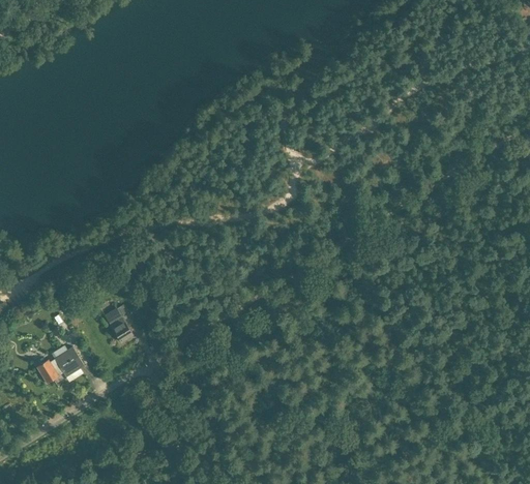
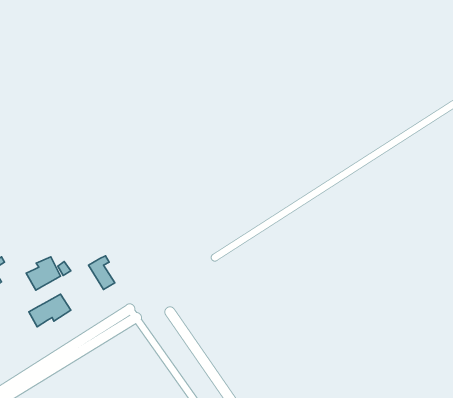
building: none -> [26,257,61,290]

